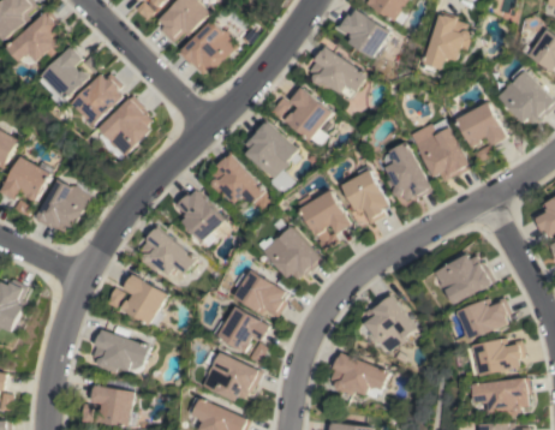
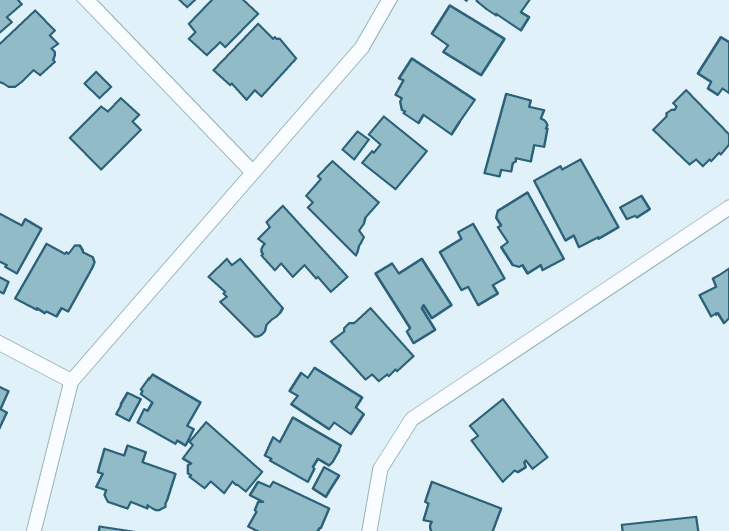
building: [424,11,470,71] -> [485,94,547,176]
building: [37,47,90,107] -> none
building: [99,96,153,160] -> none
building: [455,101,506,147] -> none
building: [138,223,196,275] -> [183,422,262,493]
building: [435,253,495,304] -> none
building: [456,297,511,340] -> none
building: [467,338,525,376] -> none

